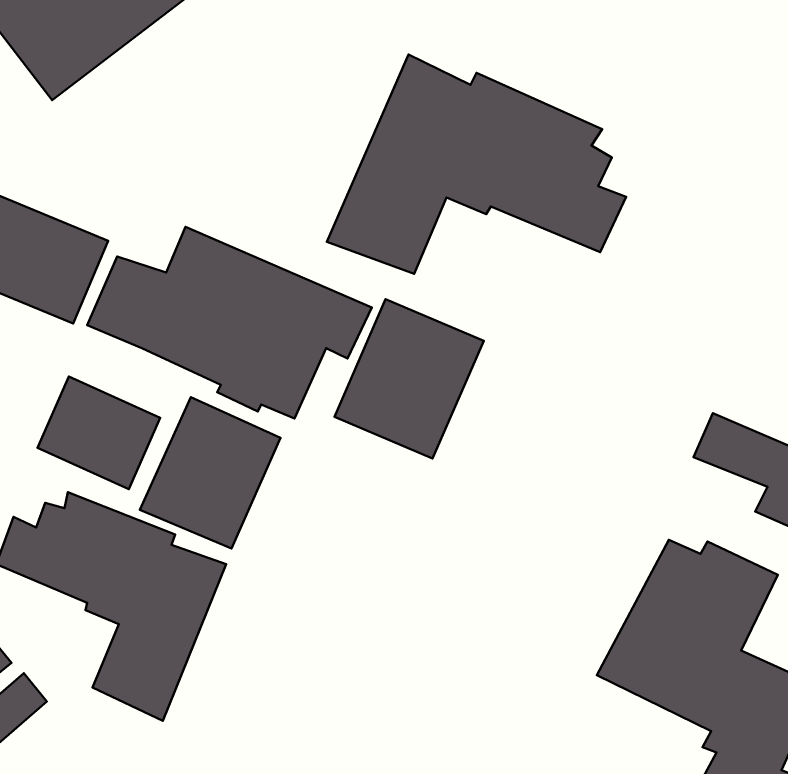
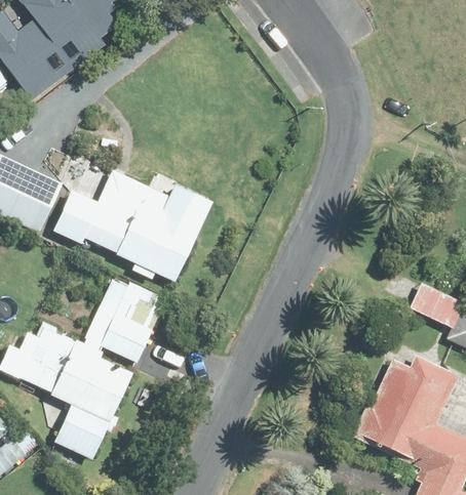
building: [327,55,626,274] -> none
building: [334,299,484,458] -> none
building: [37,377,160,489] -> none

